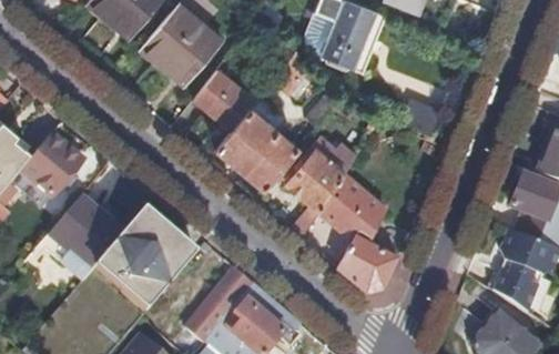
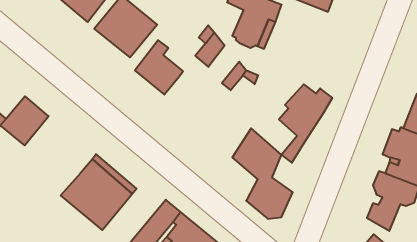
building: [215,109,296,189] -> none
building: [285,136,354,237] -> [279,84,332,163]
building: [48,194,123,269] -> none

